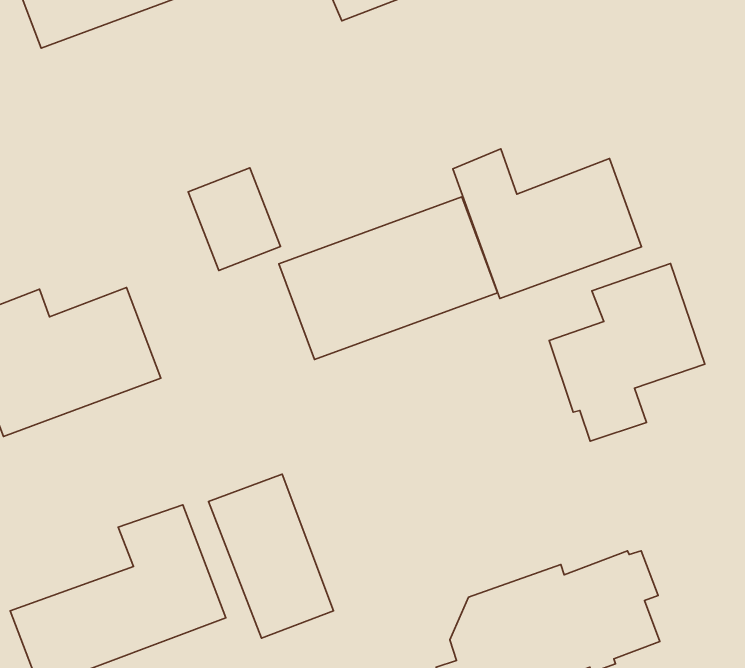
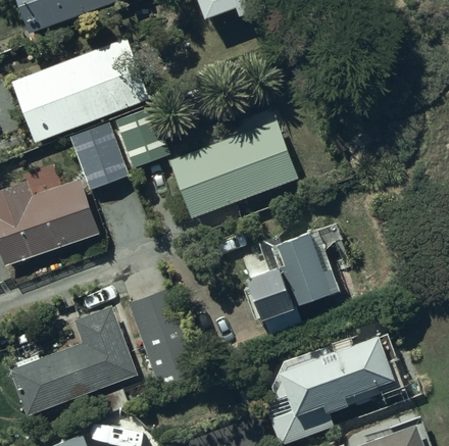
building: none -> [10,37,151,143]
building: [453,149,642,299] -> none
building: none -> [69,122,130,190]
building: [549,263,705,441] -> [245,230,338,336]

